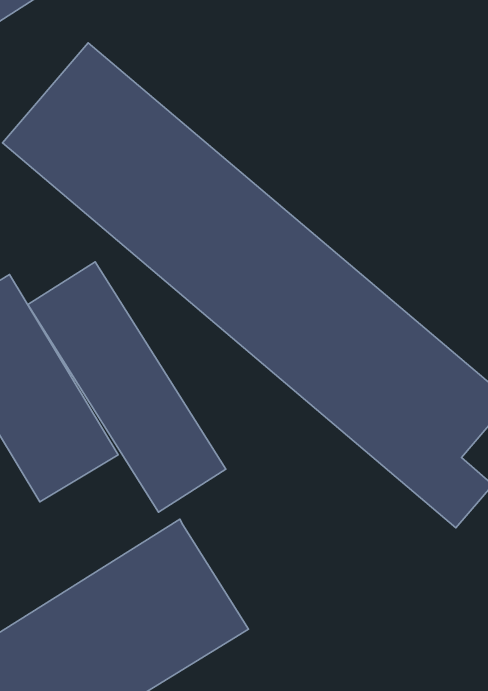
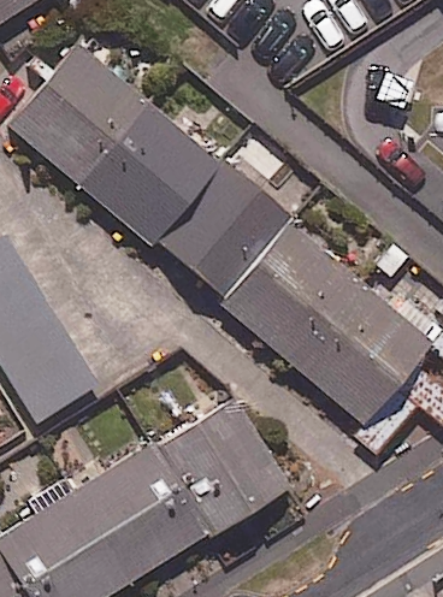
building: [28,262,226,512] -> none
building: none -> [156,396,291,533]

